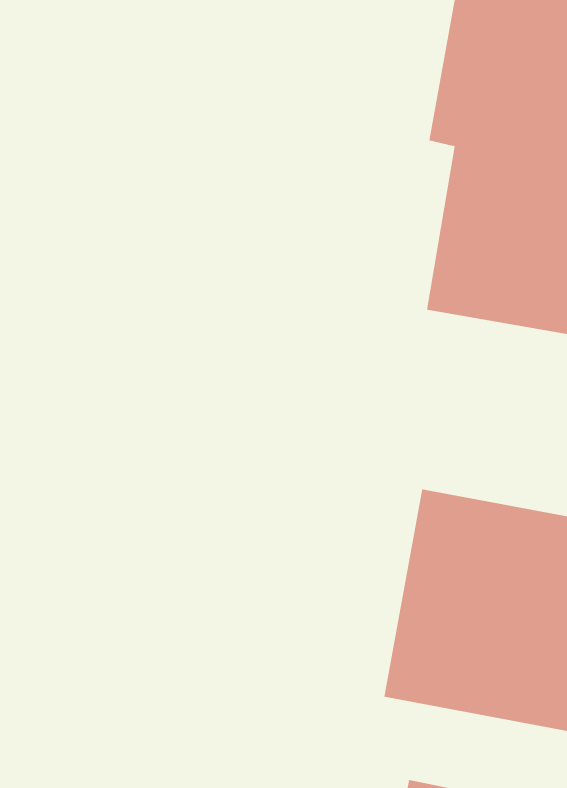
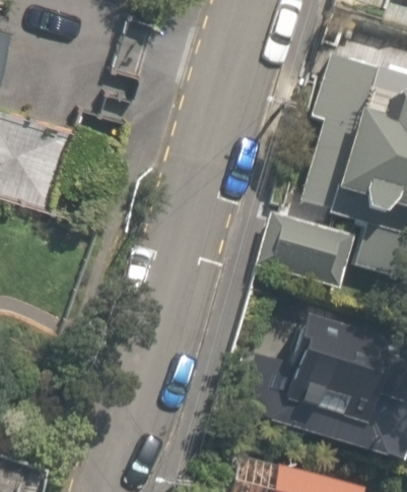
building: none -> [257,214,358,296]

